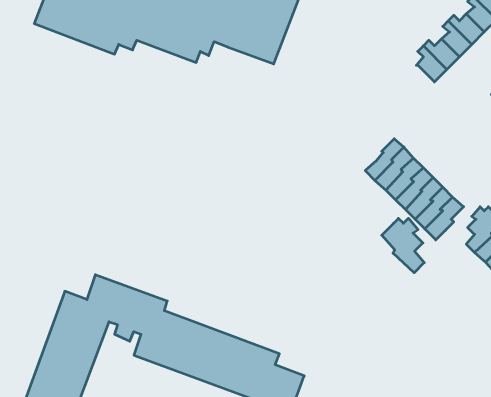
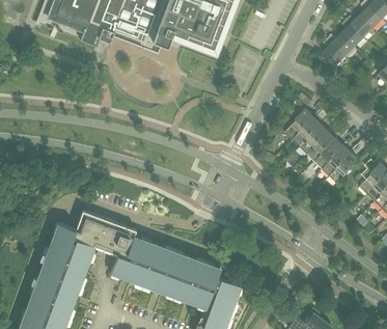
building: [382,218,424,273] -> none

